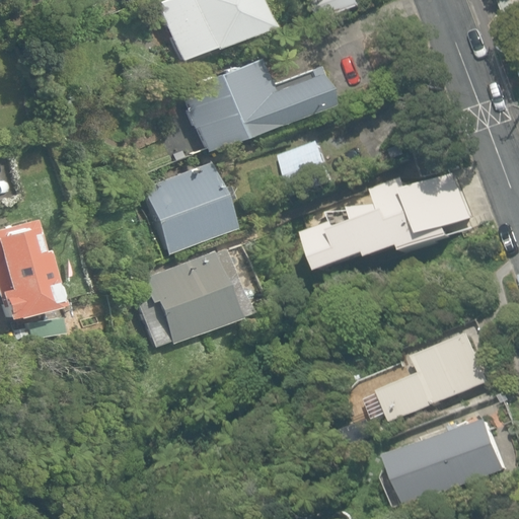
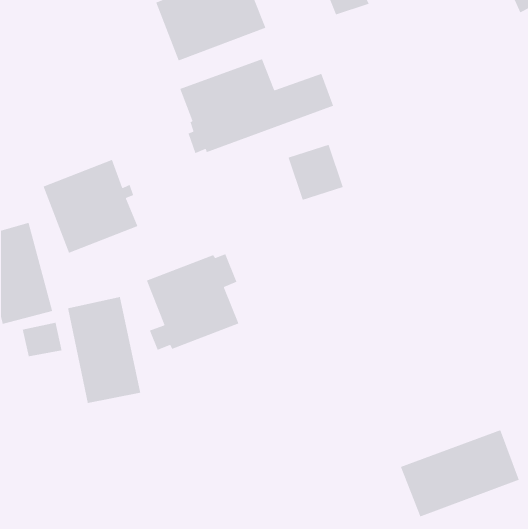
building: [142,159,235,251] -> [43,159,138,254]
building: [314,171,476,272] -> none
building: none -> [67,296,141,404]
building: [370,332,495,420] -> none

